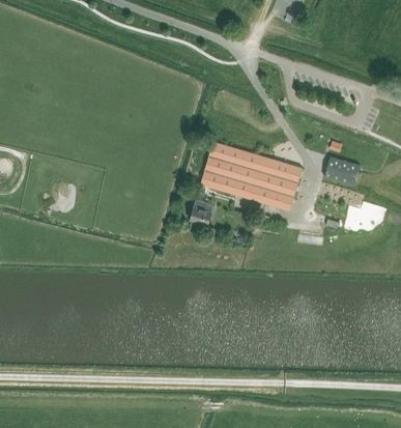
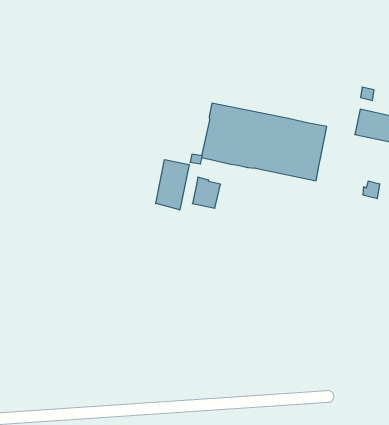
building: none -> [156,160,189,210]

